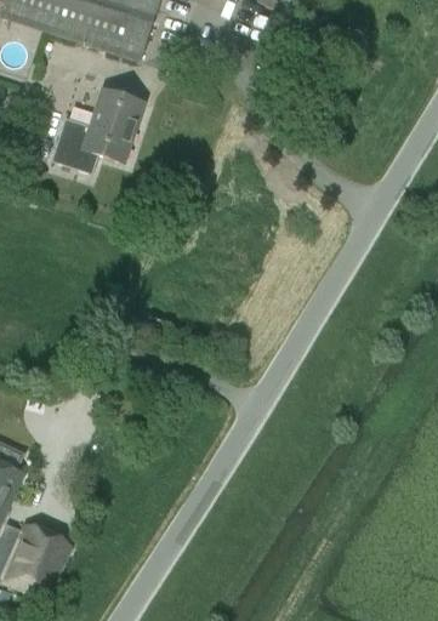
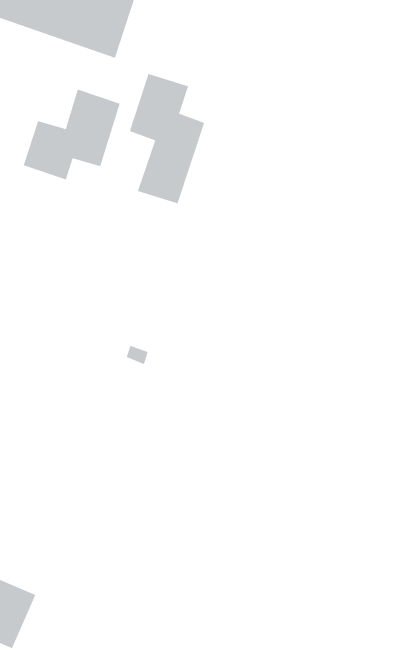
building: none -> [129,73,205,204]

